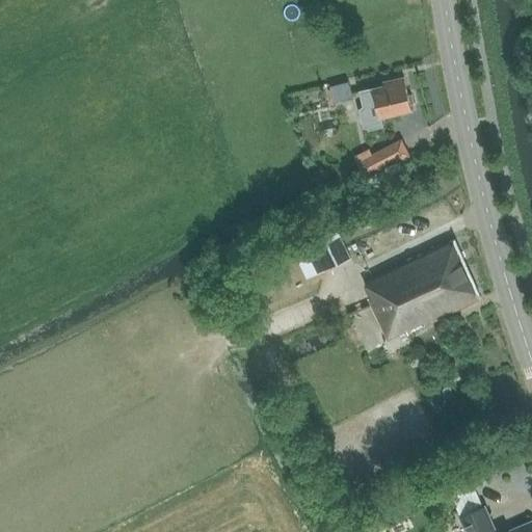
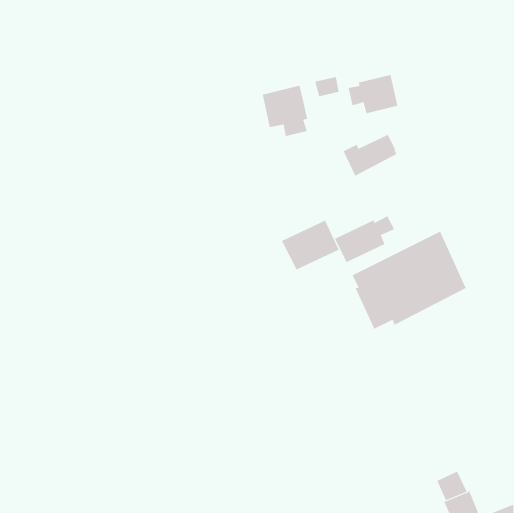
building: none -> [262,85,308,137]
building: none -> [334,215,395,263]

